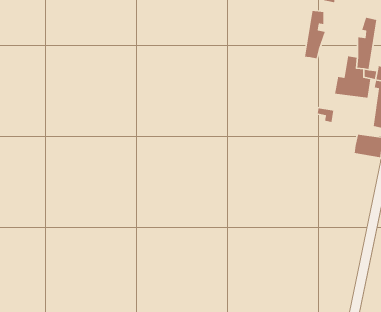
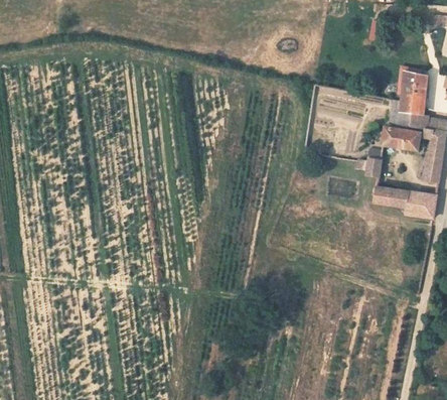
building: [304,10,326,59] -> none
building: none -> [374,184,408,211]

